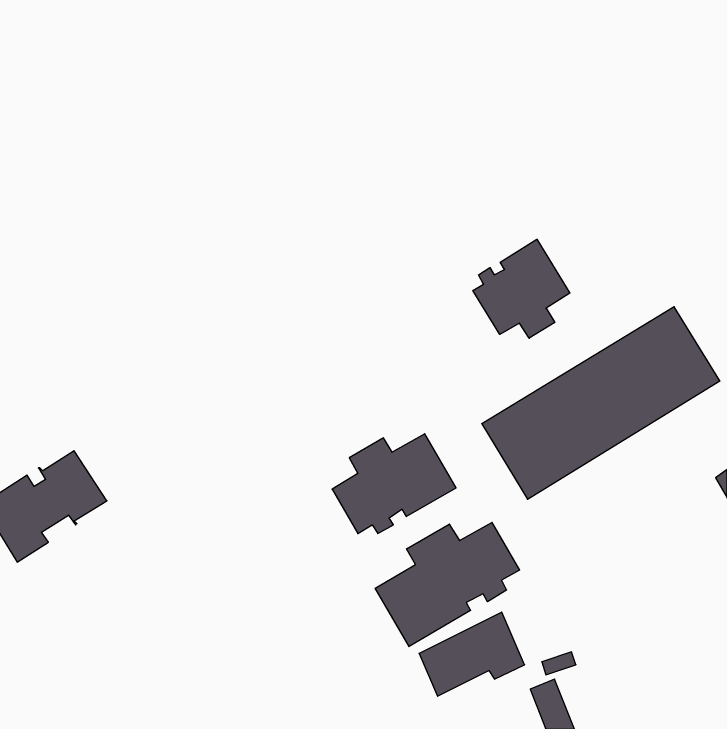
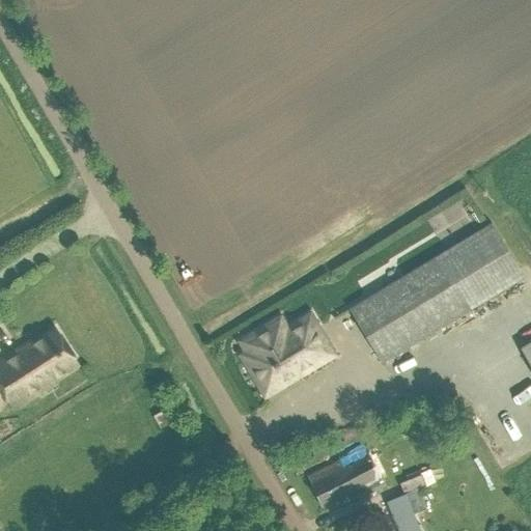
building: [473,239,570,338] -> none
building: [375,522,520,647] -> none

